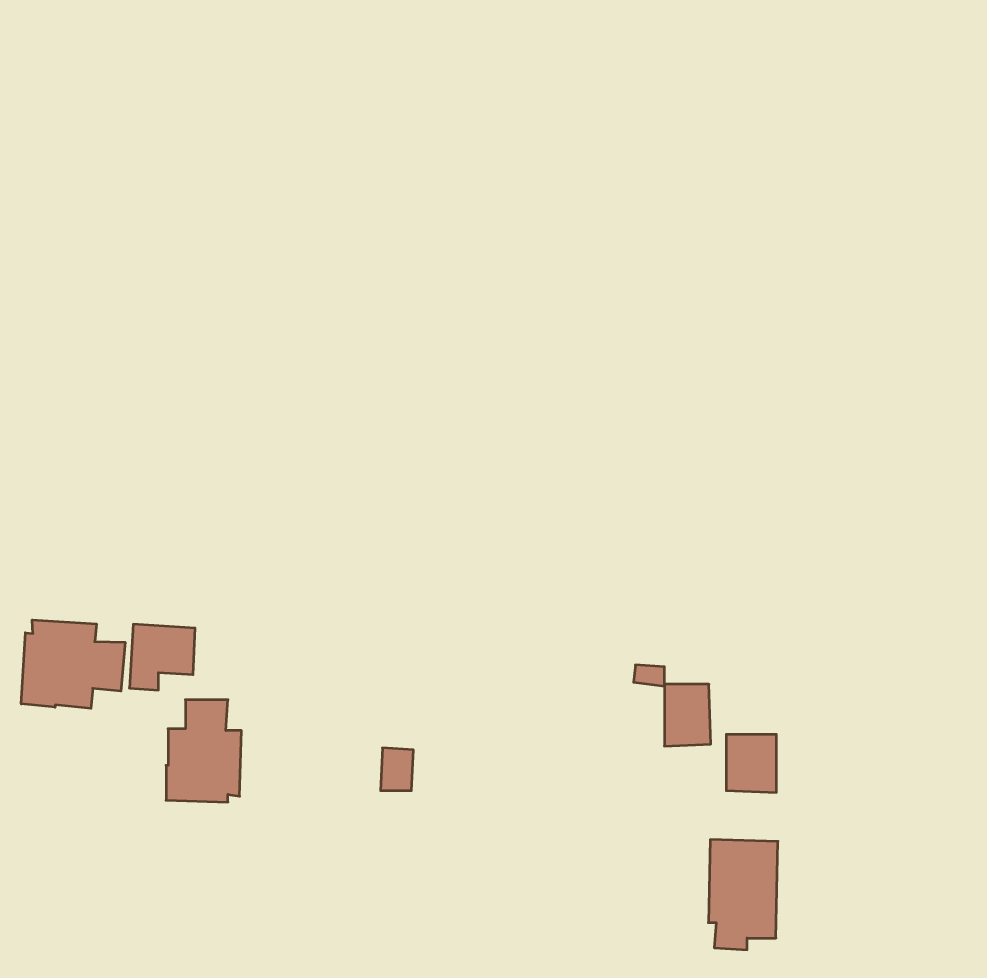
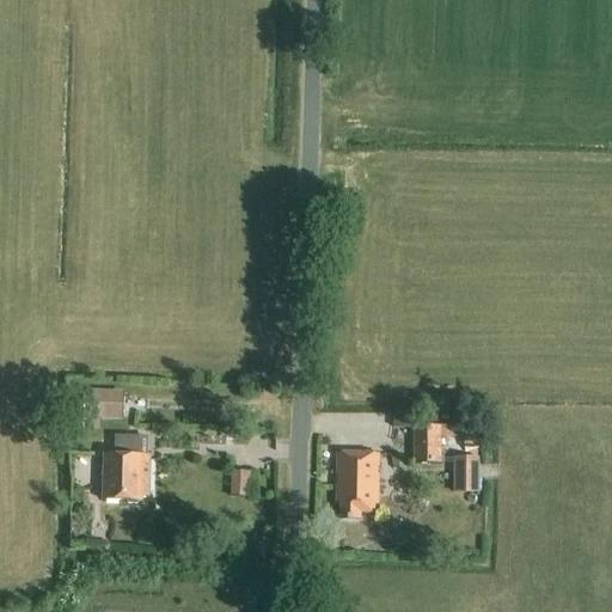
building: [21,620,125,708] -> none
building: [708,840,778,950] -> [336,448,379,516]

